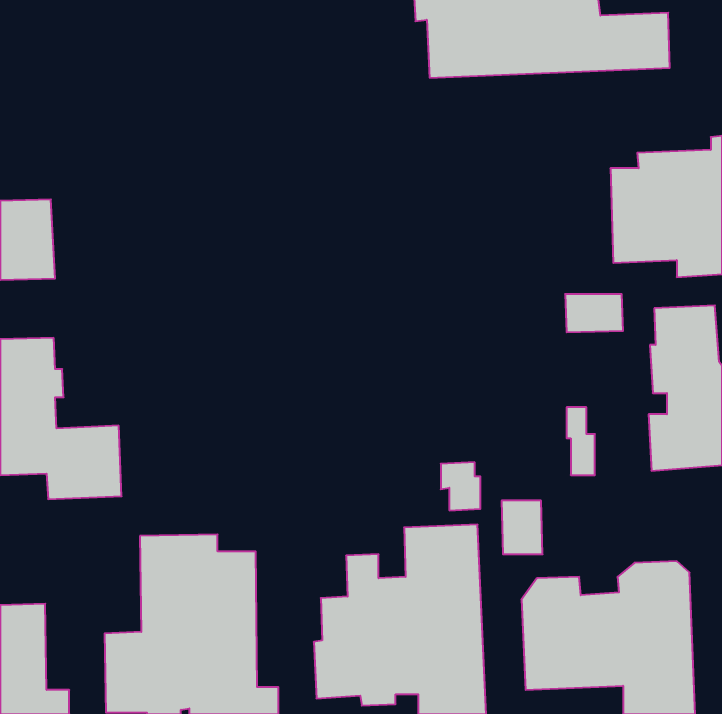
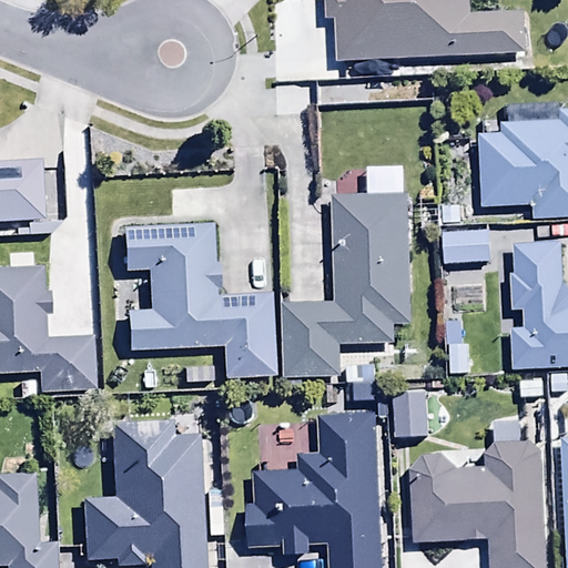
building: none -> [282,192,410,376]
building: none -> [124,221,277,377]

